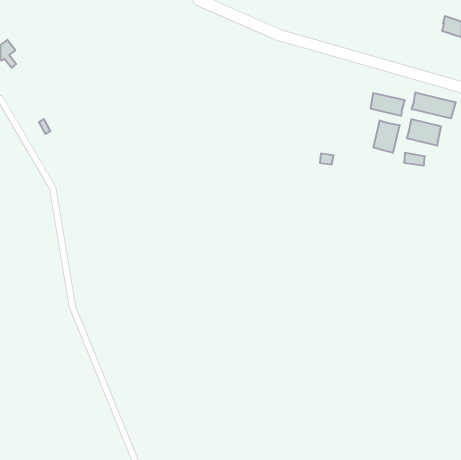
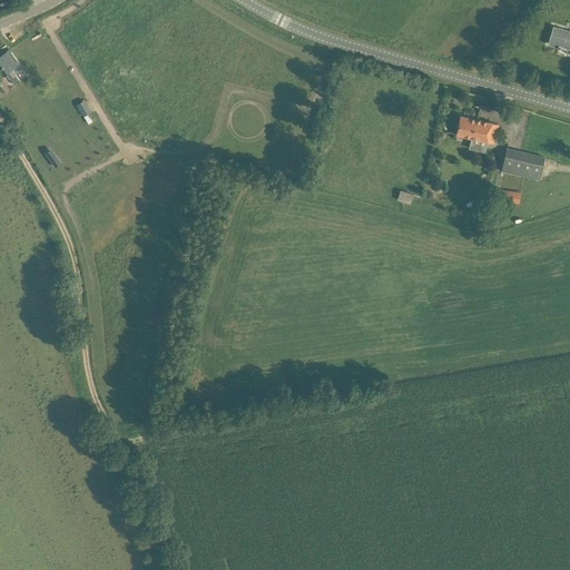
building: [412,92,456,118] -> none
building: [373,120,400,153] -> none

